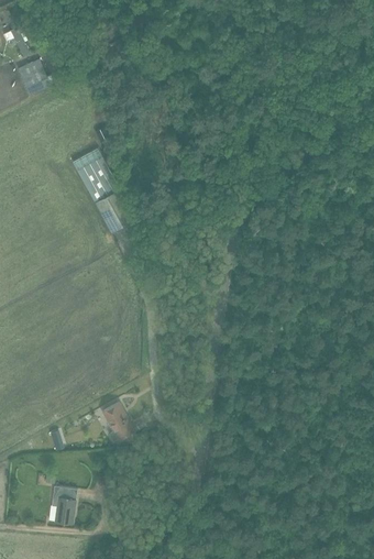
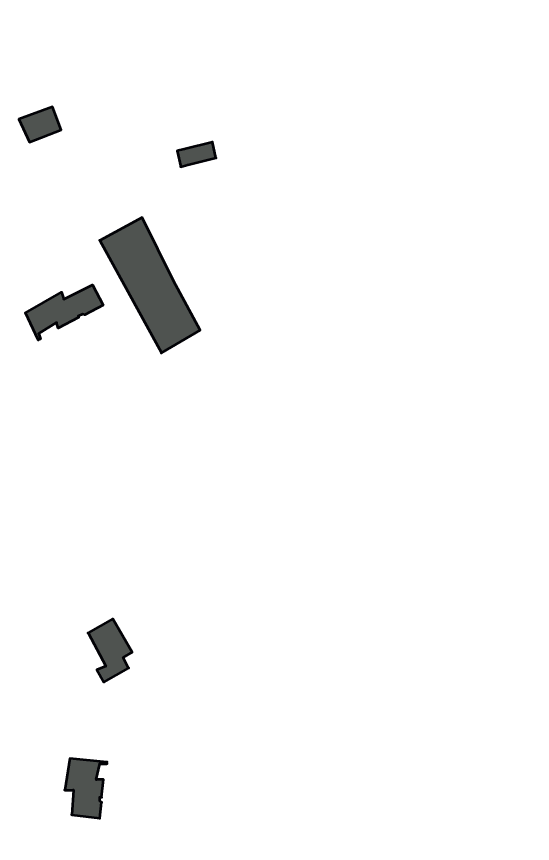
building: none -> [25,285,103,340]
building: [102,403,130,442] -> [88,619,132,682]

